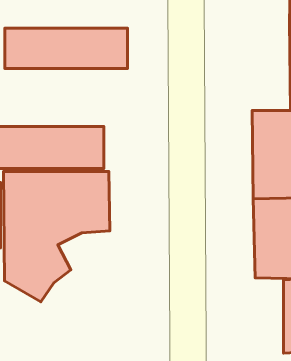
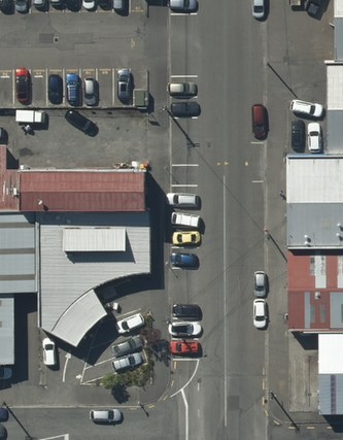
building: [5,28,127,68] -> none

